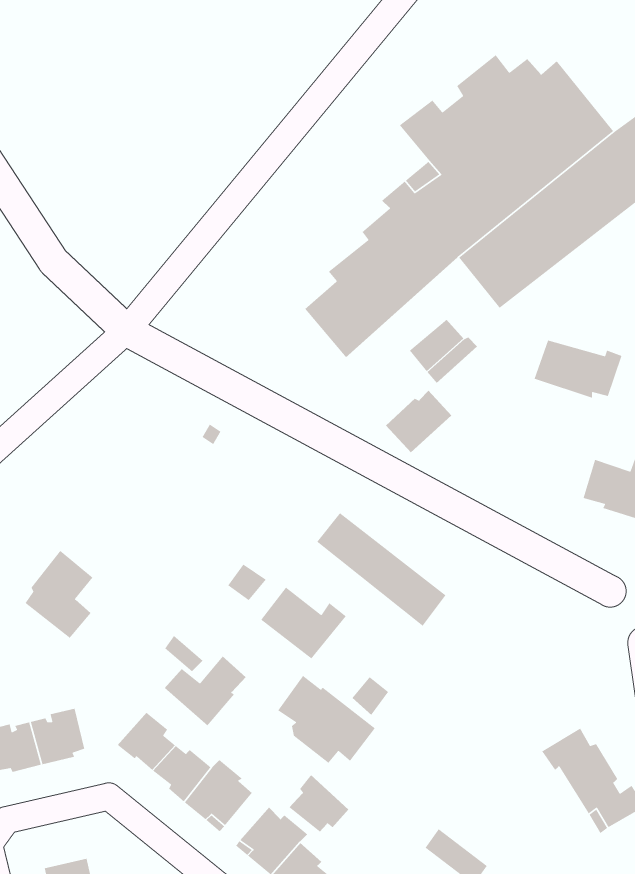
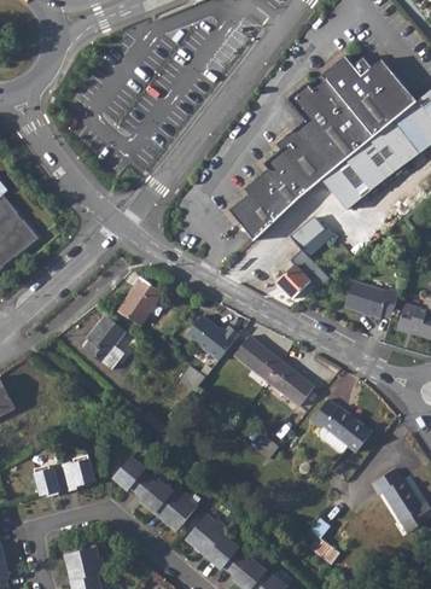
building: [534,340,622,399] -> [344,281,398,317]
building: none -> [118,276,162,323]
building: [25,550,94,639] -> [83,314,126,368]
building: [260,586,347,659] -> [186,314,239,358]
building: [164,656,247,726] -> none
building: [277,675,376,764] -> [311,397,372,451]
building: [288,774,349,833] -> none

